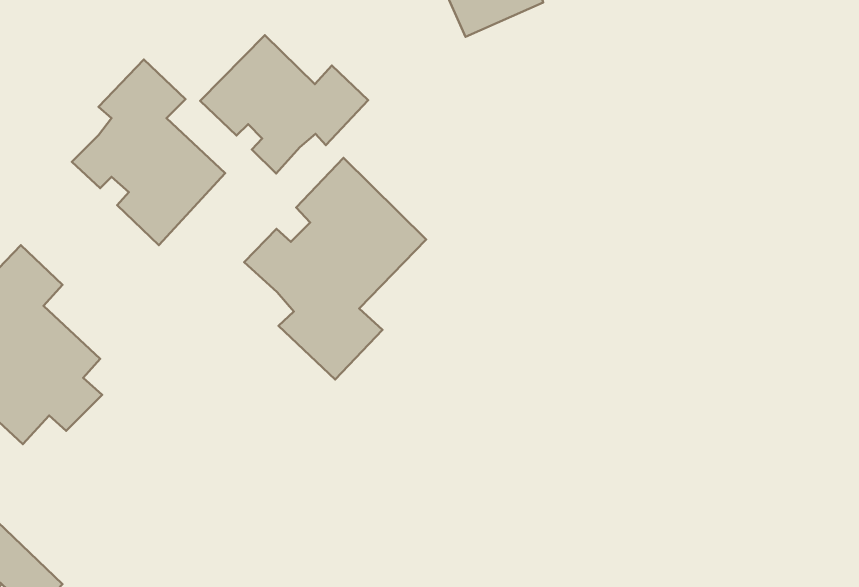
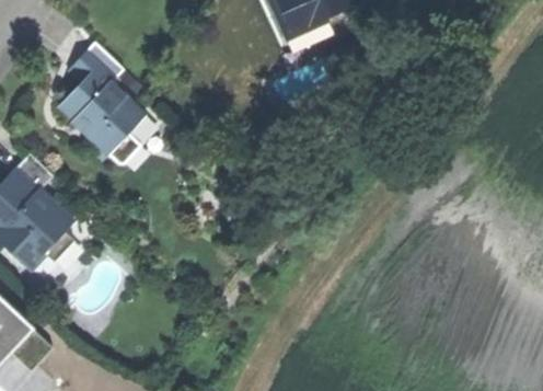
building: [200,35,368,173] -> none
building: [244,158,426,380] -> none

